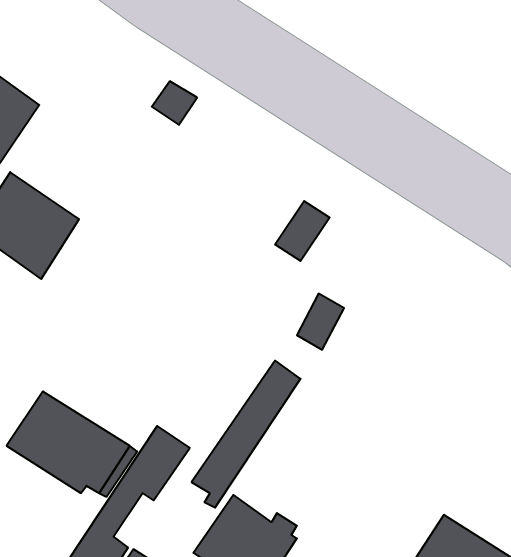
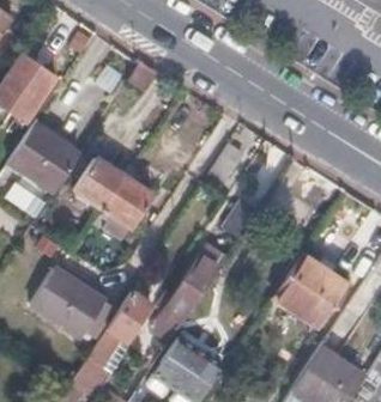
building: none -> [73,156,152,225]
building: none -> [274,252,350,324]

